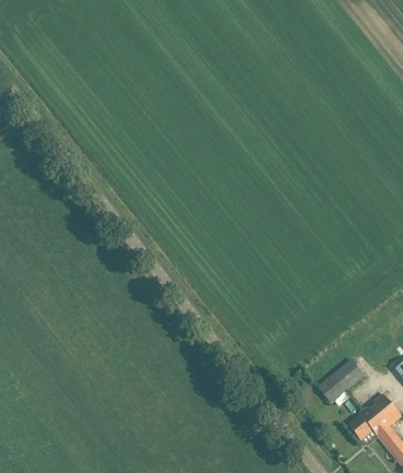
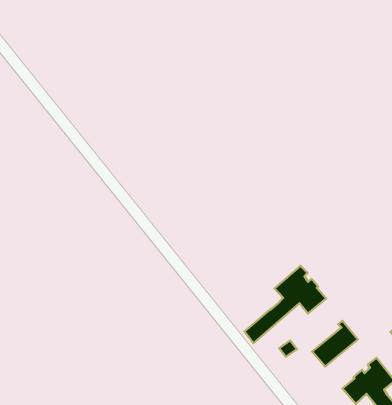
building: none -> [245,266,326,343]

